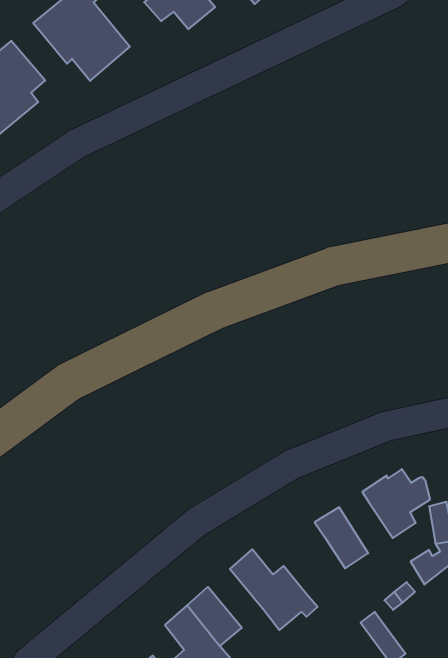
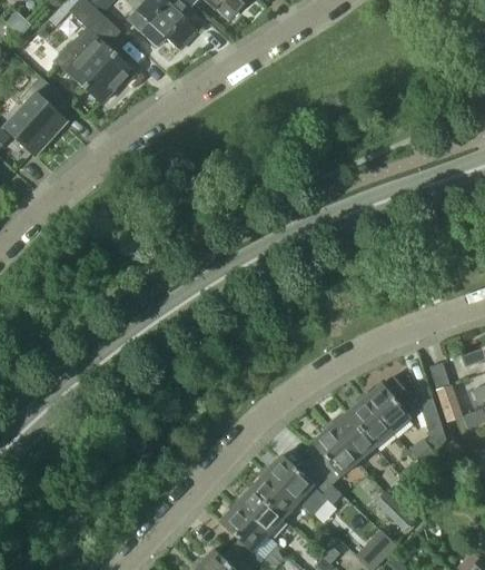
building: none -> [346,399,392,446]
building: none -> [308,428,357,485]
building: none -> [250,473,297,519]

